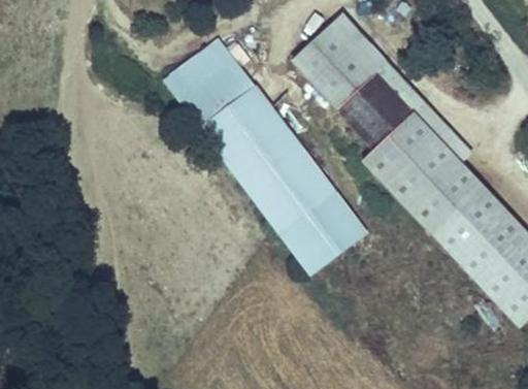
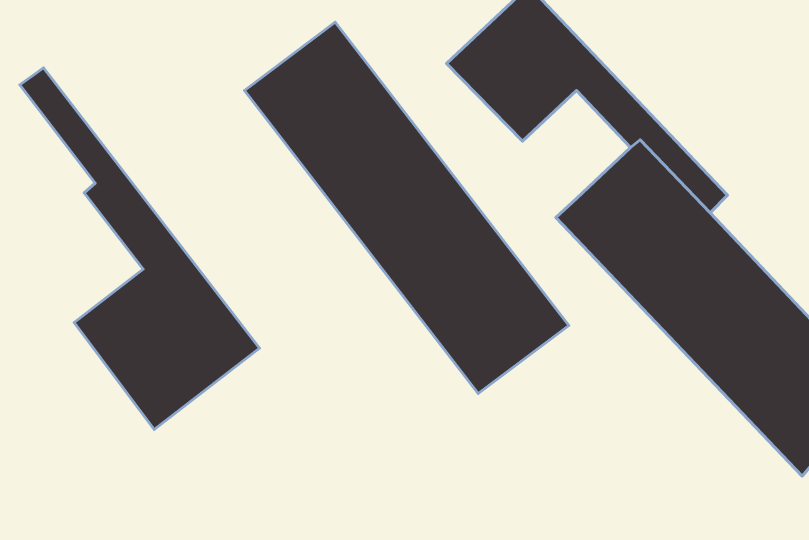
building: none -> [20,68,259,430]
building: [339,79,409,150] -> none

